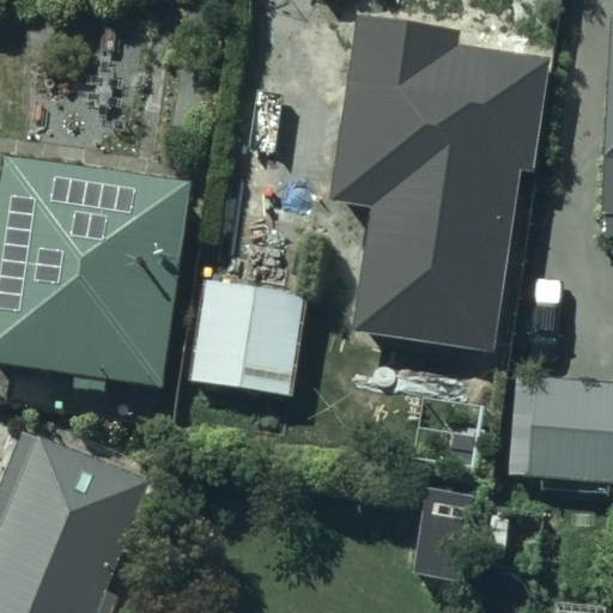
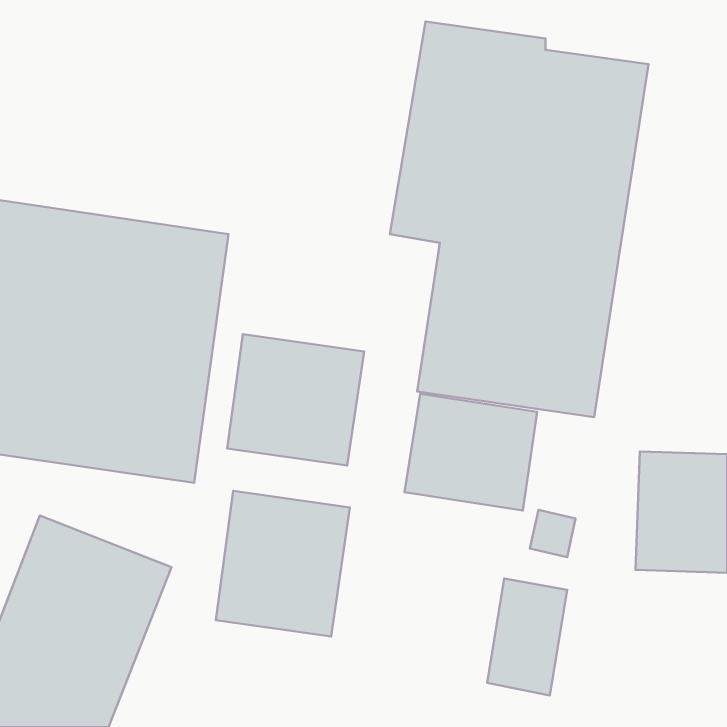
building: none -> [405,394,537,510]
building: none -> [216,491,350,636]

